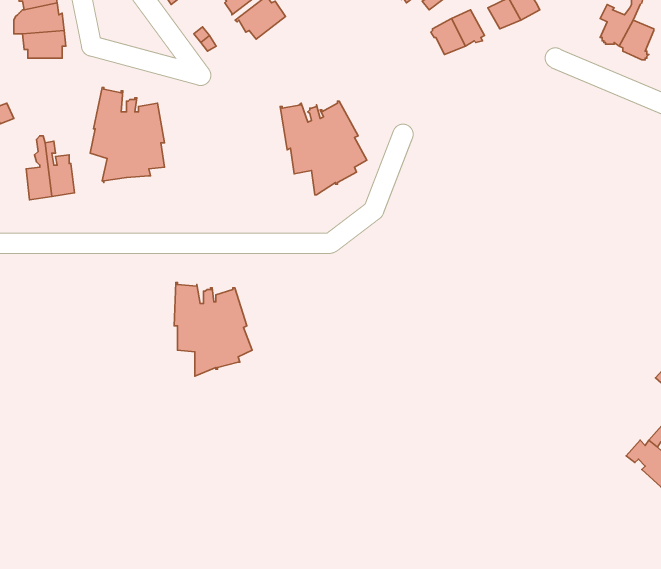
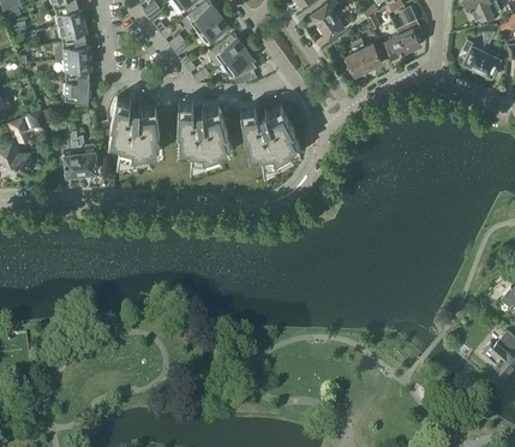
building: none -> [224,48,258,84]
building: none -> [64,77,92,103]
building: [174,283,252,376] -> [178,103,232,168]

